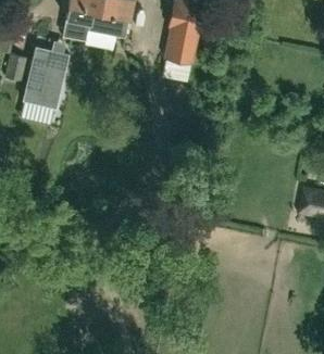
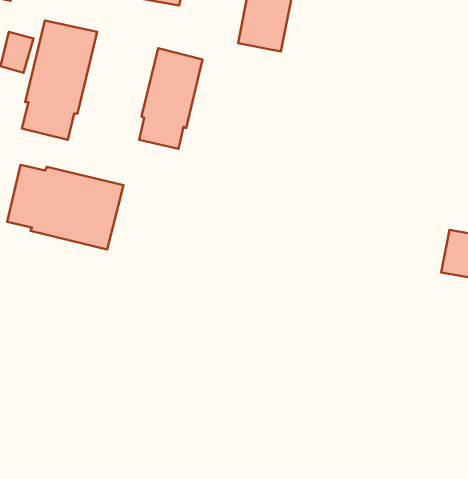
building: none -> [139,48,203,149]
building: none -> [7,165,124,249]

